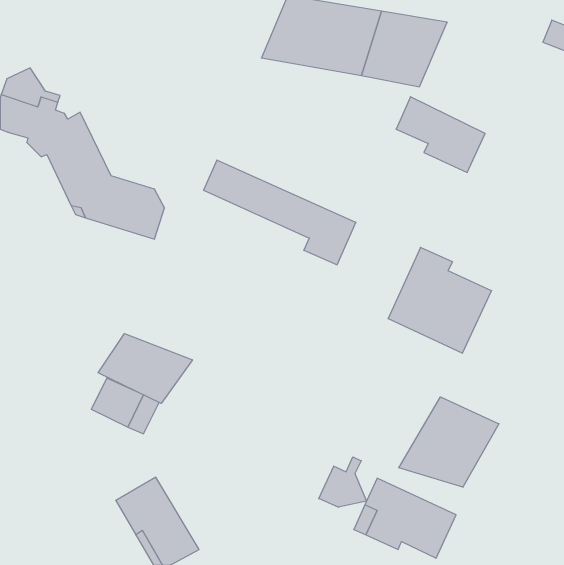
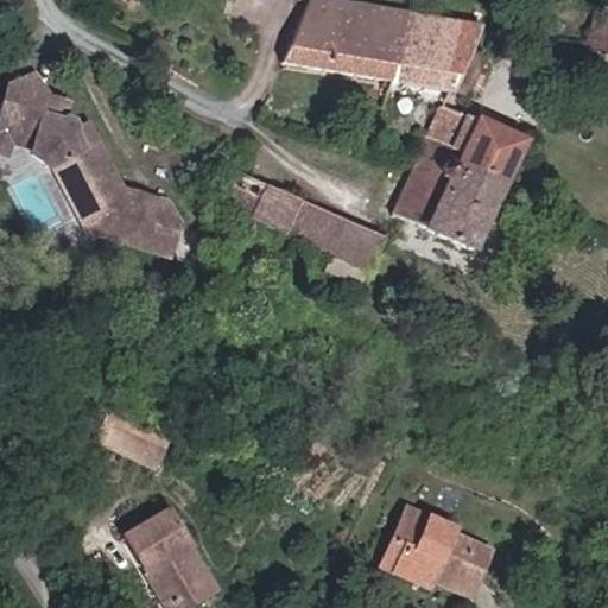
building: [388,247,492,353] -> [393,138,504,251]
building: [98,334,192,403] -> none
building: [399,397,499,487] -> none
building: [319,457,367,507] -> none

